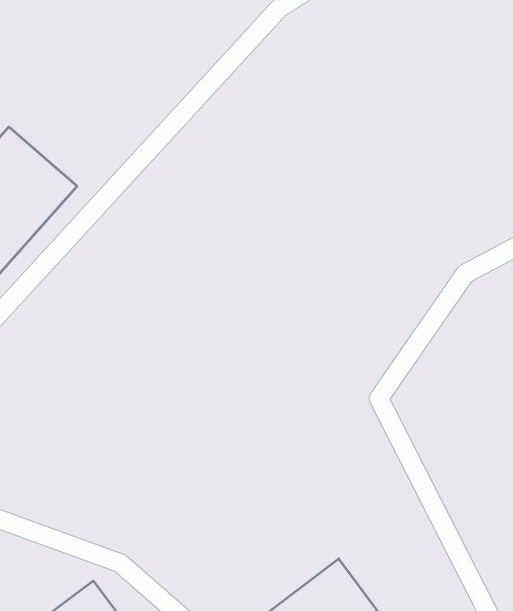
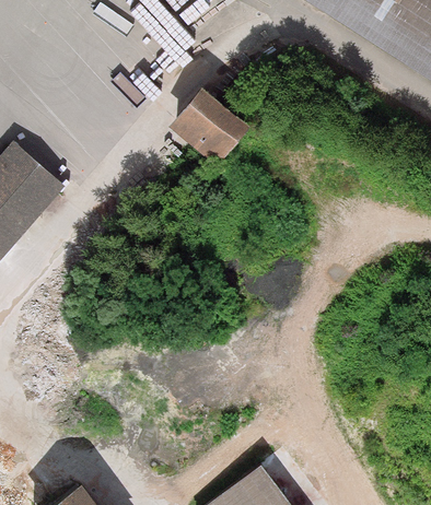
building: none -> [175,89,243,154]

